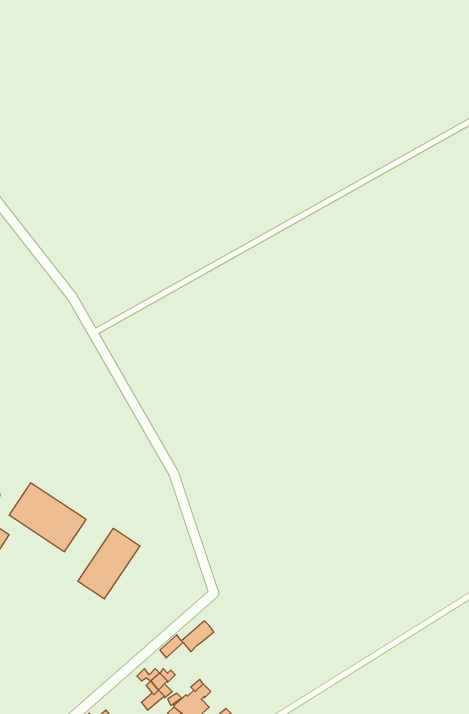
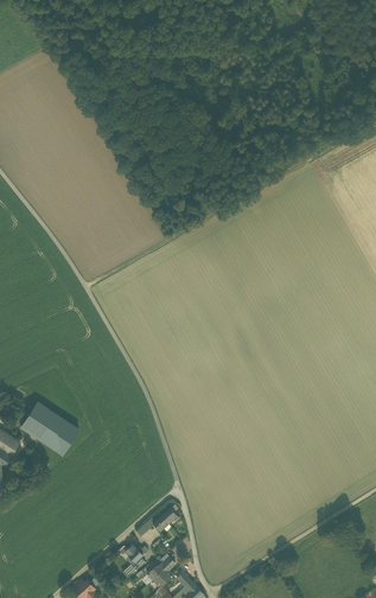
building: [78,528,140,599] -> none

